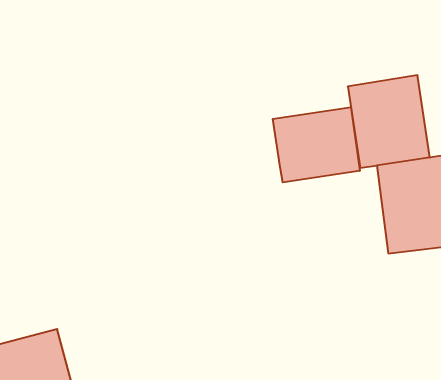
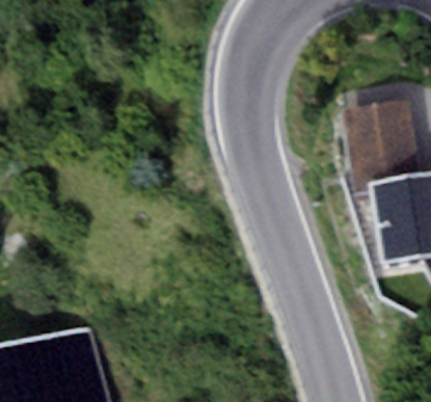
building: [273,107,360,182] -> none

